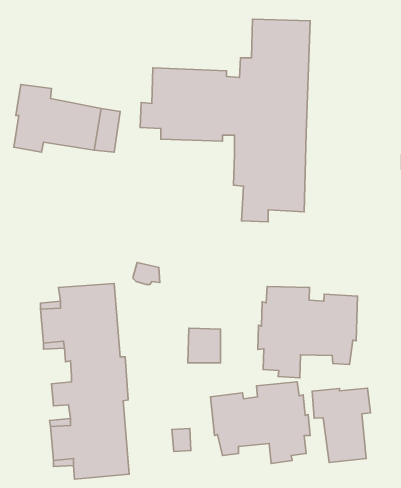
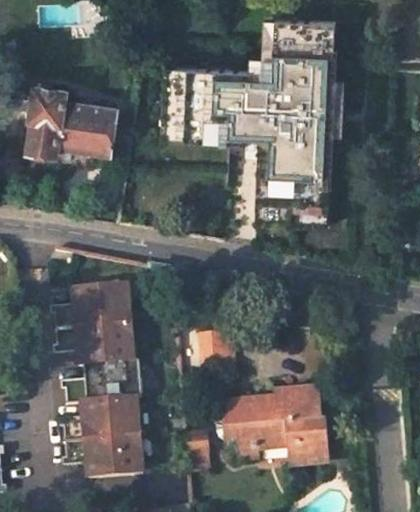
building: [258,287,357,378] -> none
building: [312,388,371,463] -> none

